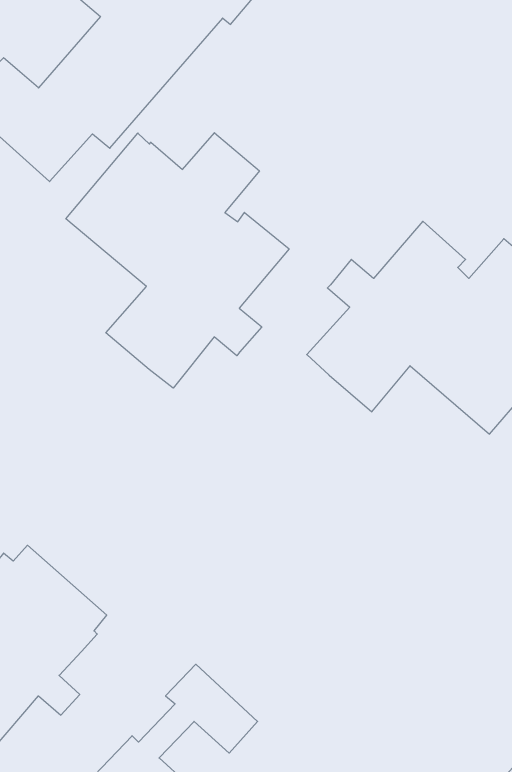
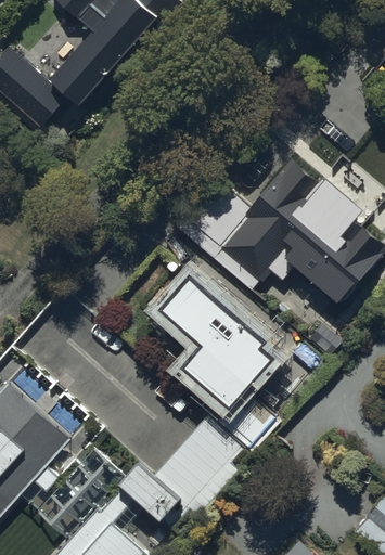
building: [66,133,289,388] -> none
building: none -> [162,274,283,453]

